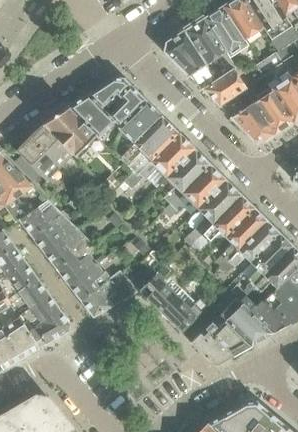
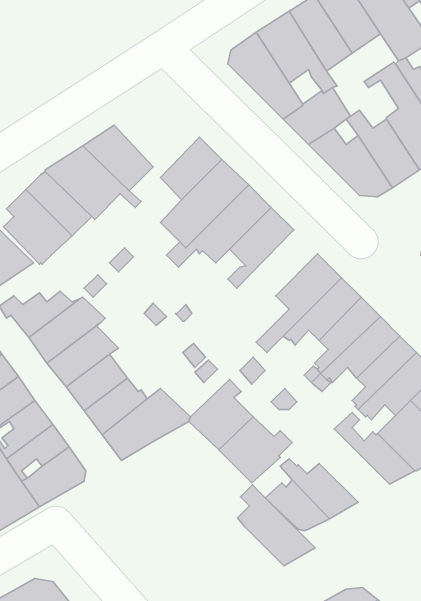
building: [89,77,146,128] -> none
building: [165,163,225,216] -> none
building: [221,291,273,345] -> [238,485,315,566]

